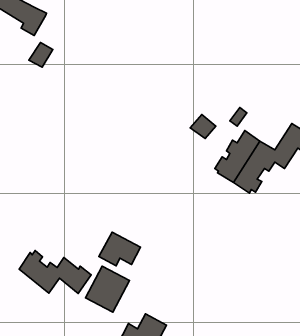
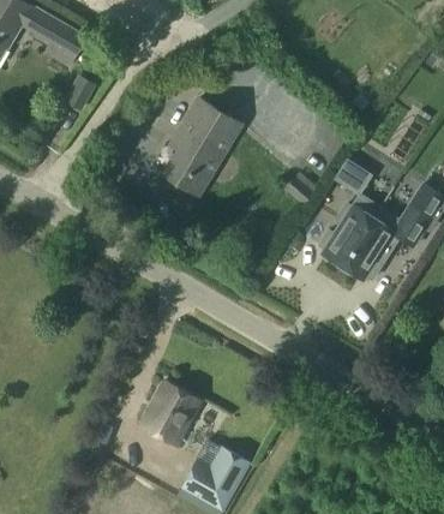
building: none -> [156,97,241,195]
building: [99,232,141,266] -> none
building: [19,250,91,294] -> none

